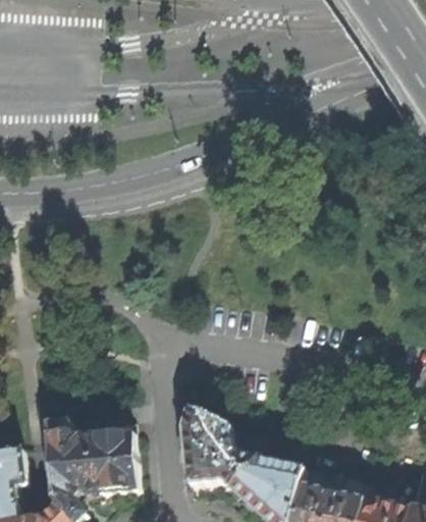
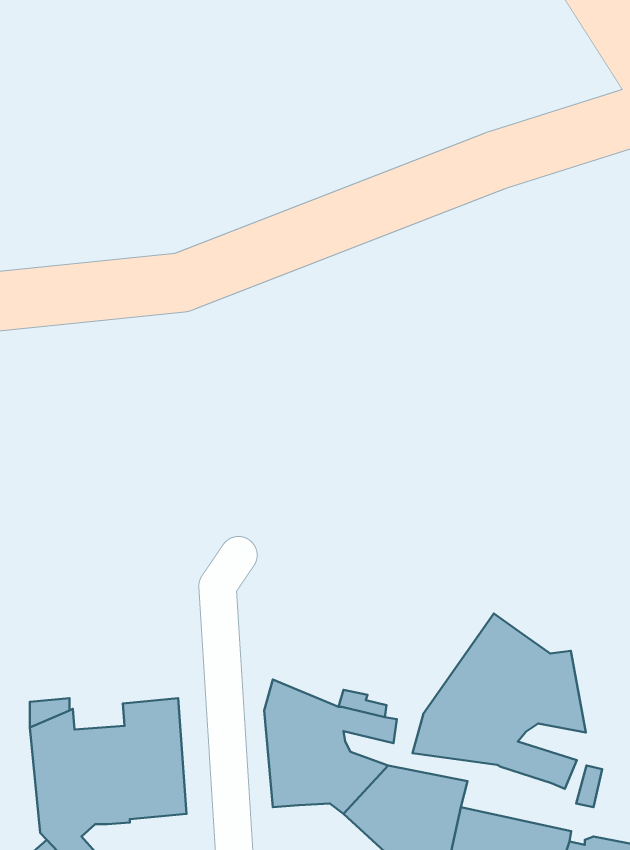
building: none -> [413,613,586,789]

